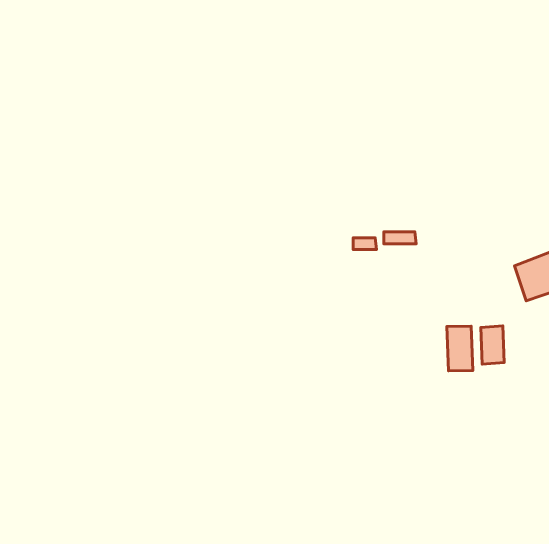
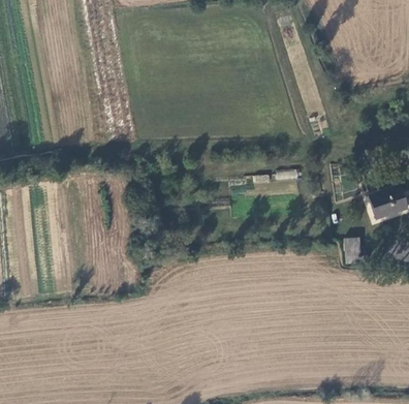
building: [447,326,473,371] -> none

